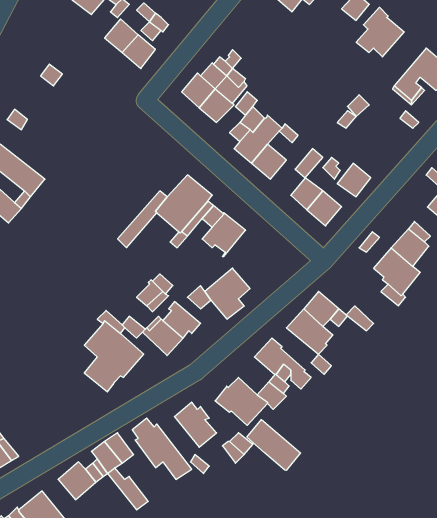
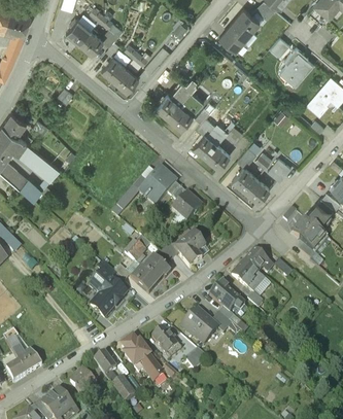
building: [247,420,301,470] -> none

